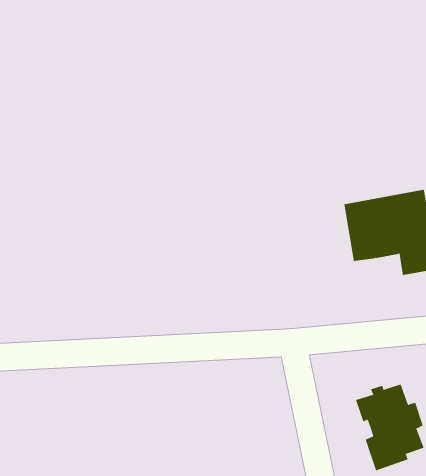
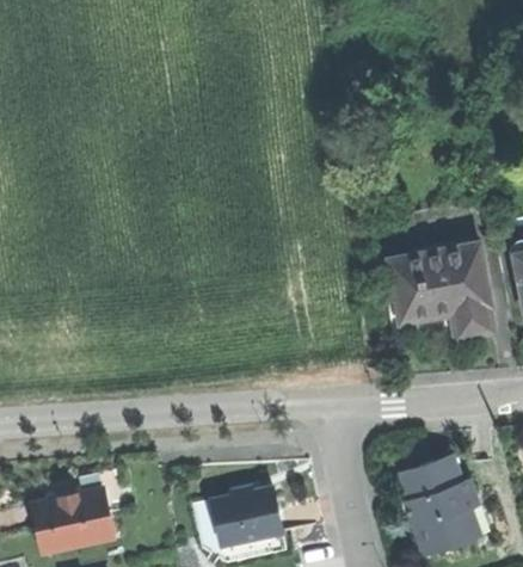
building: none -> [209,487,283,546]
building: none -> [32,488,112,554]

